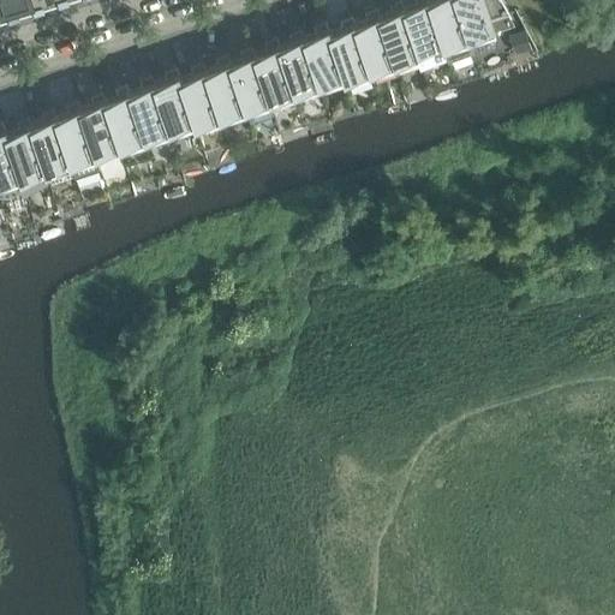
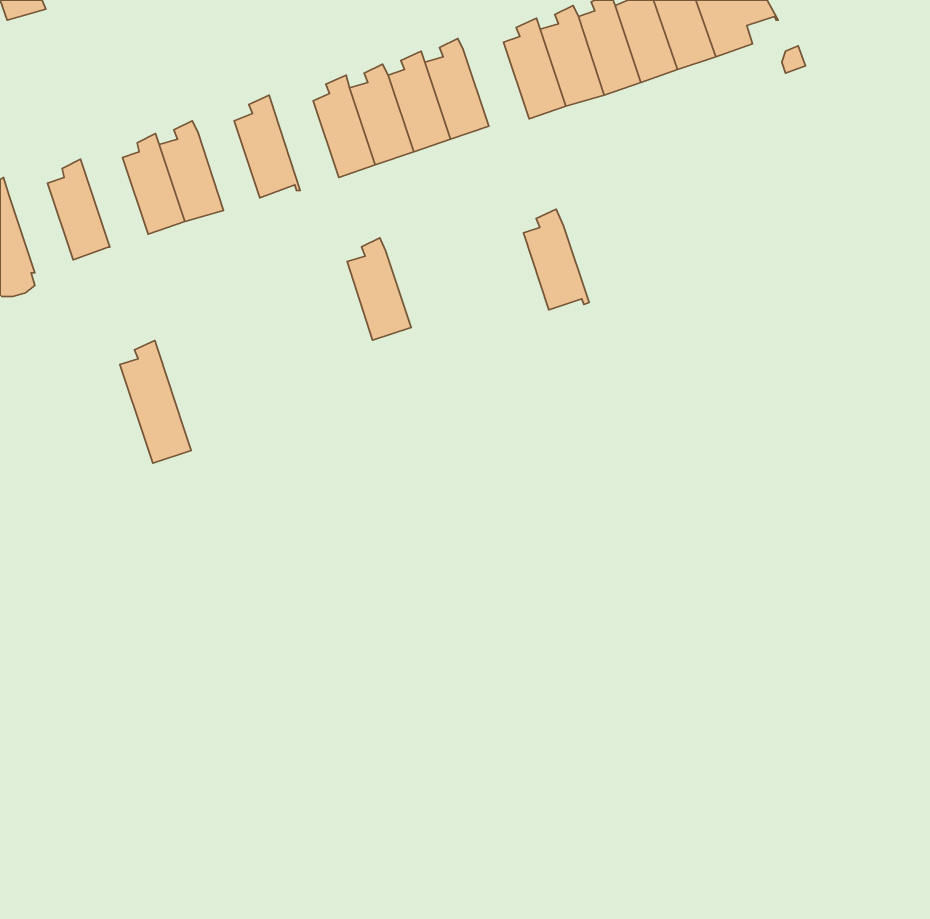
building: [308,28,351,94] -> [523,209,589,310]
building: [184,68,226,136] -> [347,238,411,340]
building: [133,82,174,149] -> none
building: [59,107,106,187] -> [120,341,191,463]
building: [10,123,52,190] -> none

